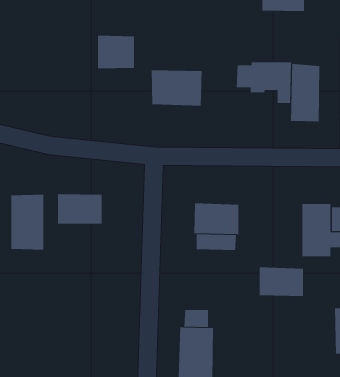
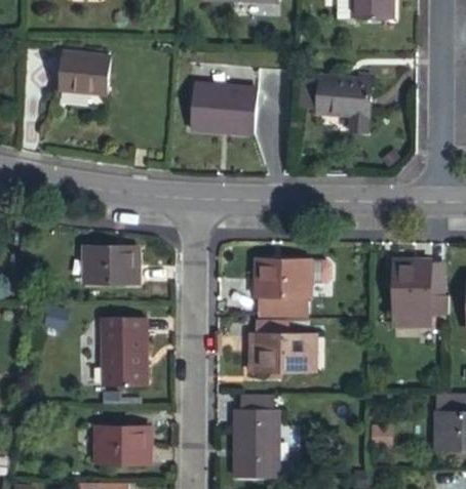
building: [97,35,135,69] -> [65,59,112,101]
building: [290,63,320,122] -> none
building: [11,194,44,250] -> [106,316,148,385]
building: [259,267,304,296] -> [251,335,308,372]
building: none -> [98,422,150,459]

